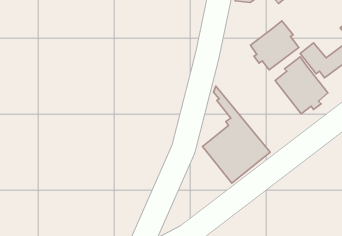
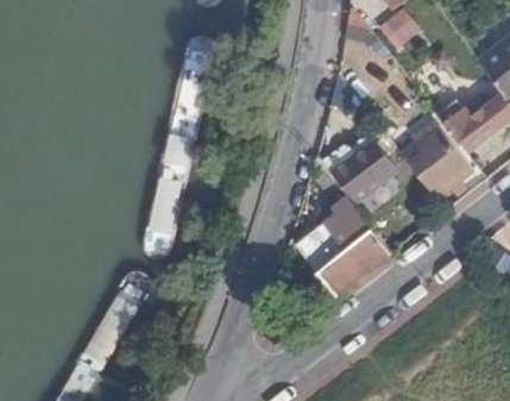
building: [250,21,299,70] -> none
building: none -> [333,149,391,207]

